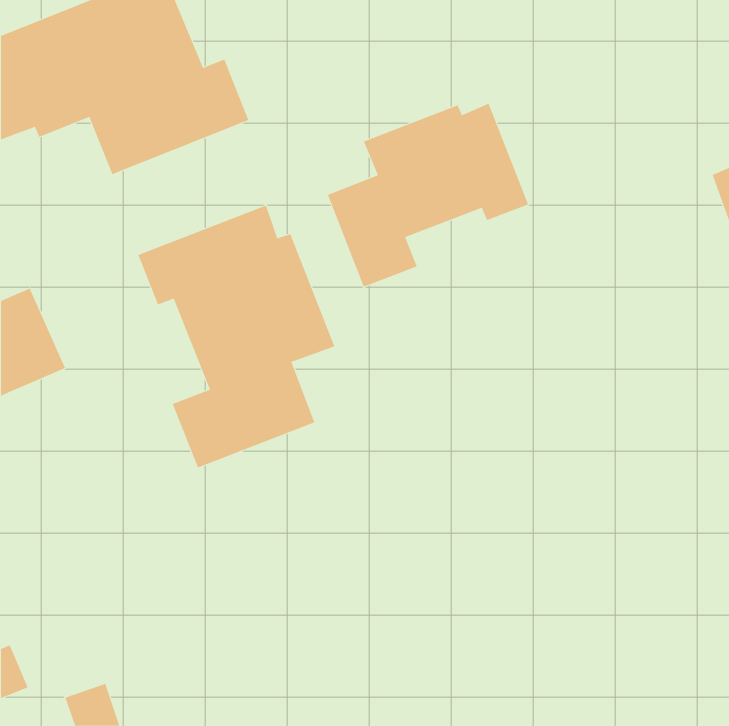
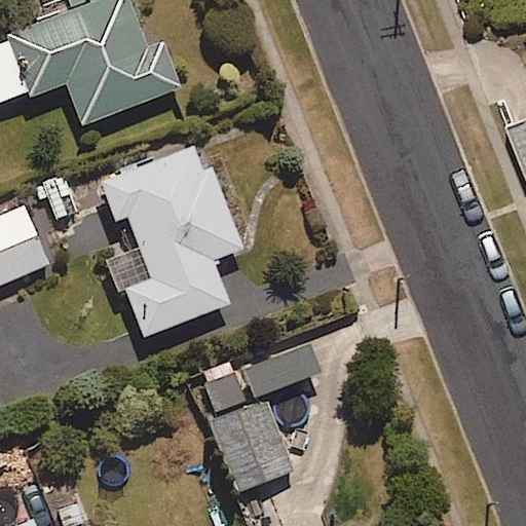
building: [327,103,529,287] -> none
building: none -> [198,344,318,491]

